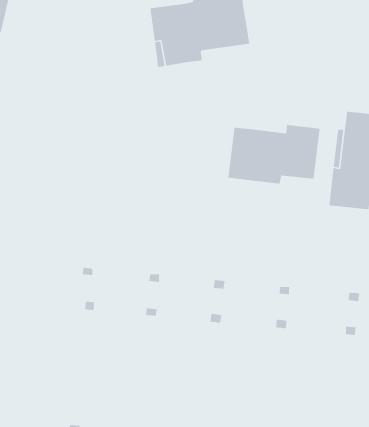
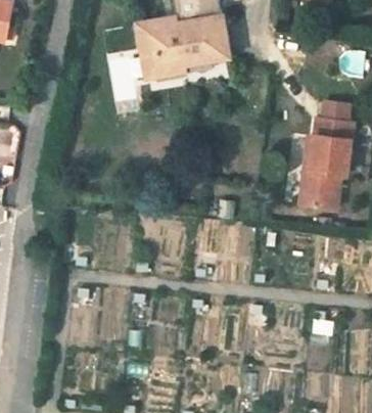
building: [228,124,320,184] -> none

